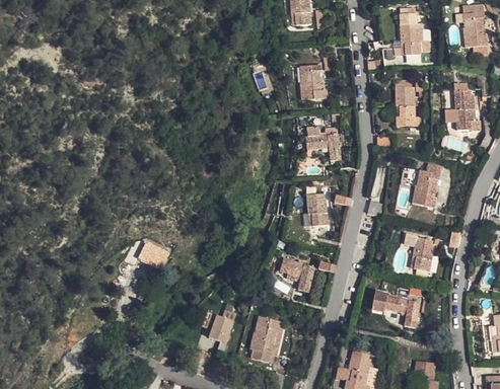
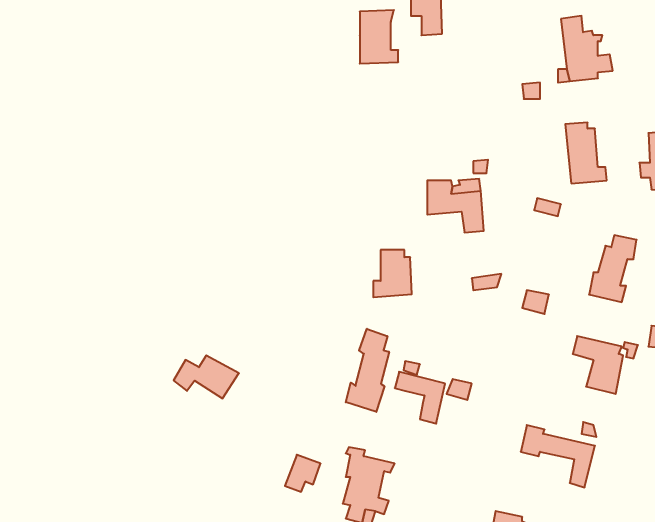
building: [299,63,326,99] -> [360,10,398,64]
building: [301,192,328,225] -> [373,250,412,297]
building: none -> [346,329,389,412]

